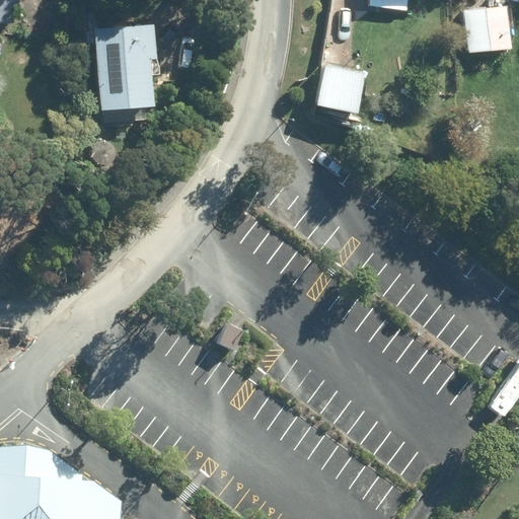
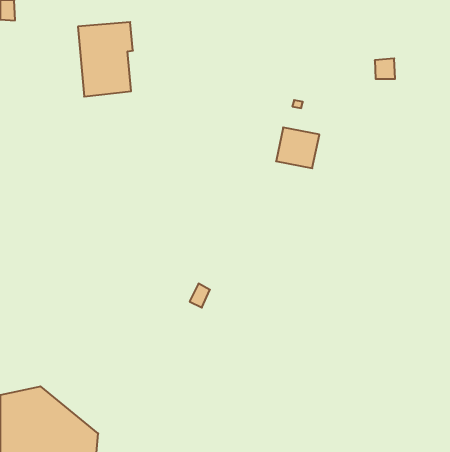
building: [465,8,512,52] -> none
building: [316,67,366,114] -> [276,127,319,168]

